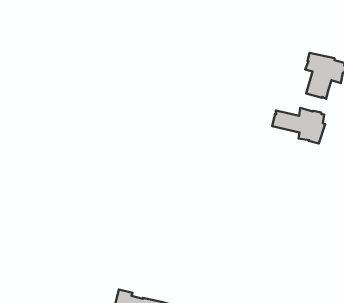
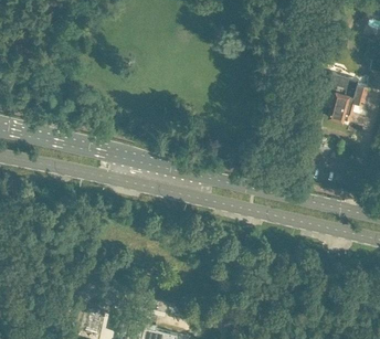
building: [272,108,325,143] -> none

